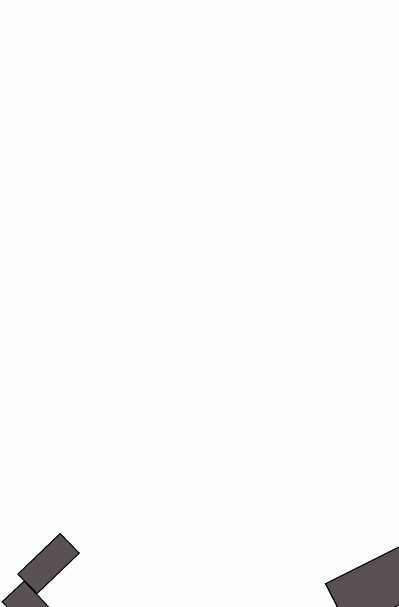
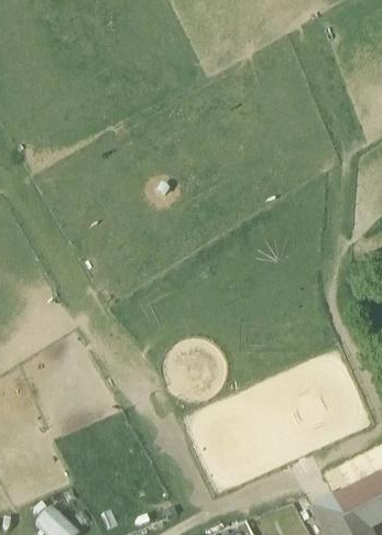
building: [18,534,79,594] -> none

